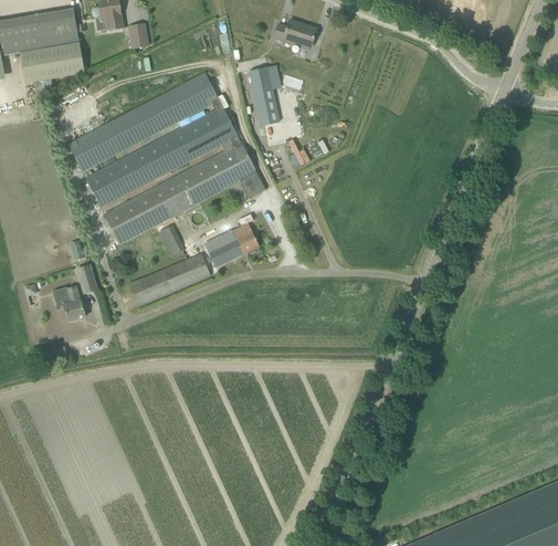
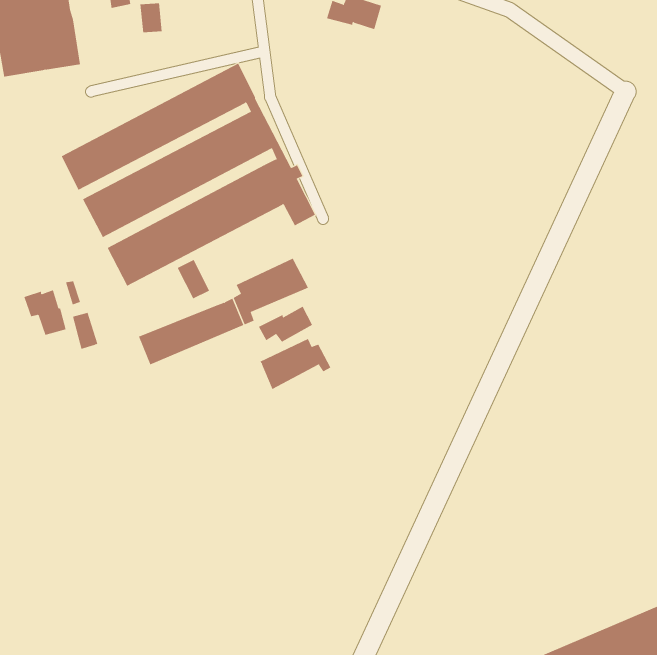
building: [250,67,278,125] -> none
building: none -> [258,306,313,343]
building: none -> [260,338,331,390]
building: [52,285,85,321] -> [23,290,66,335]

